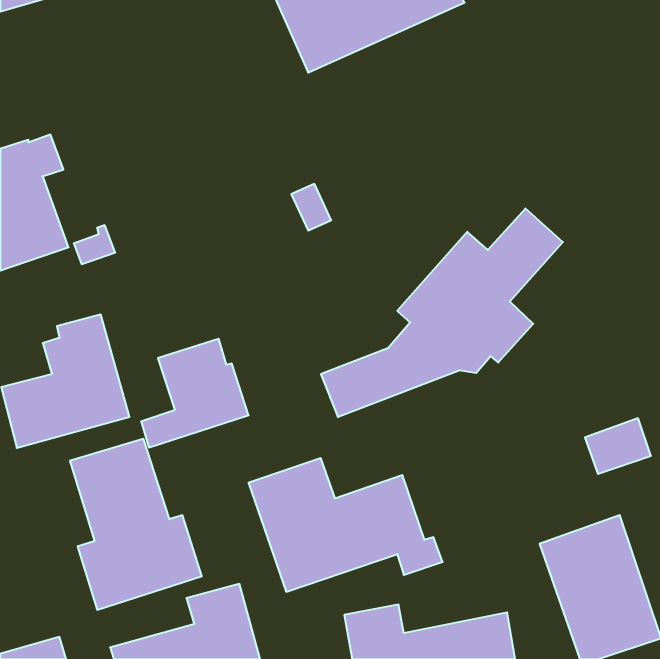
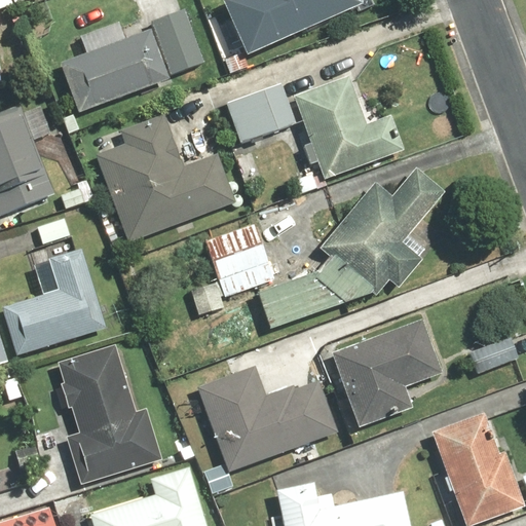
building: none -> [58,7,206,115]
building: none -> [221,74,404,181]
building: none -> [93,115,235,243]
building: [141,339,249,448] -> [192,223,277,309]
building: none -> [331,317,443,425]

